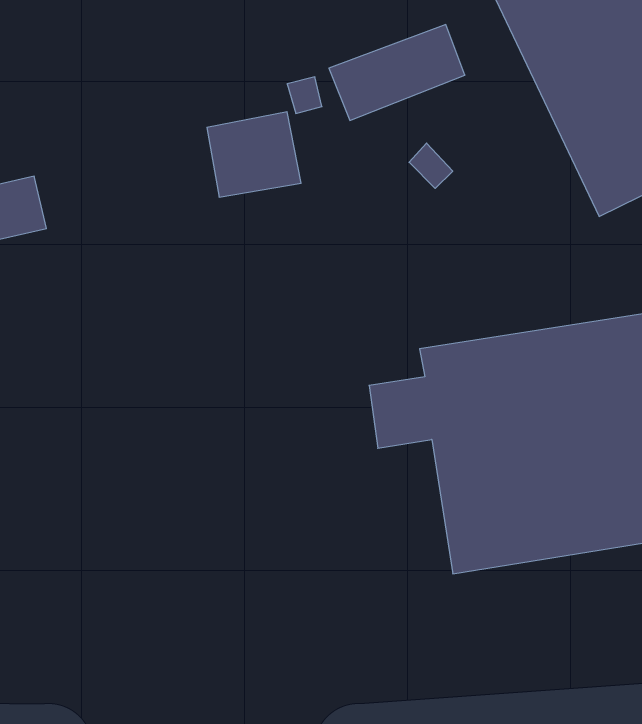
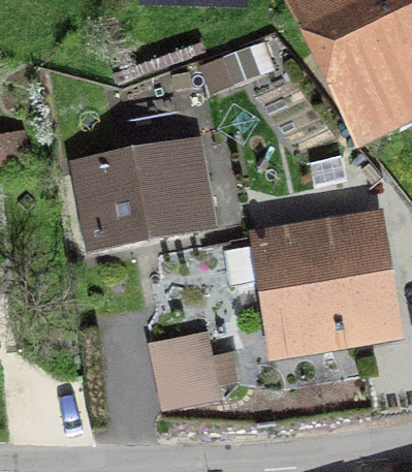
building: none -> [70,133,218,252]
building: none -> [148,327,243,410]

